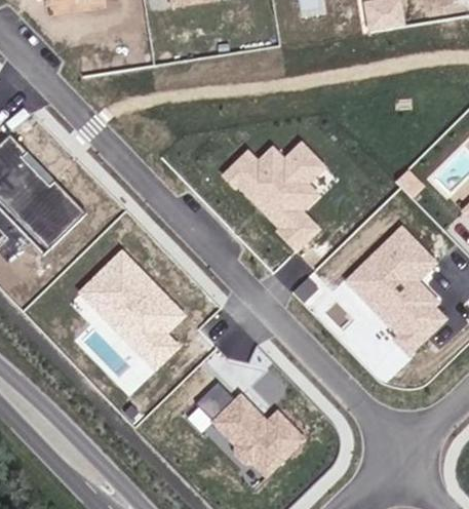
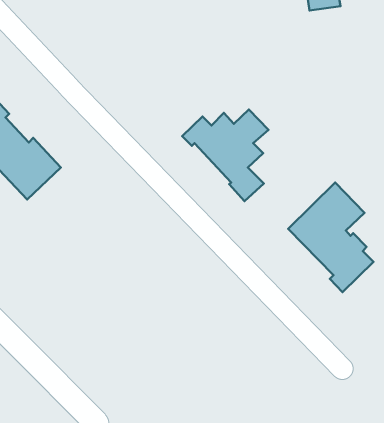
building: [78,249,169,354] -> none
building: [194,382,301,475] -> none

